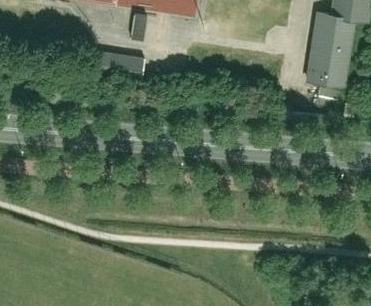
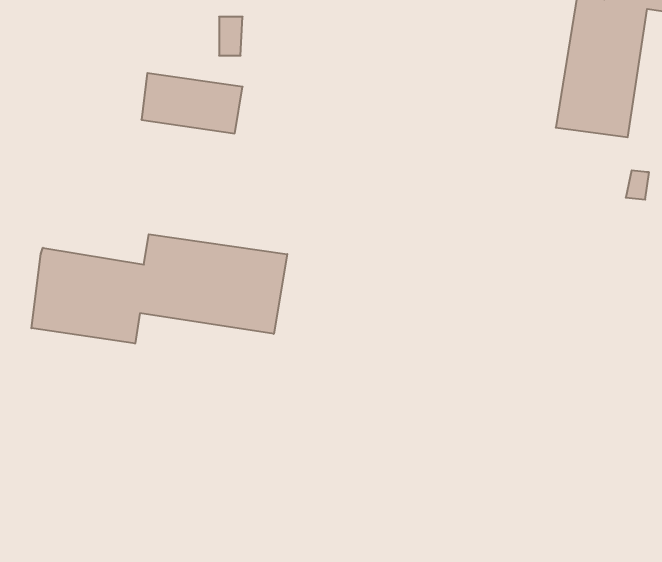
building: none -> [31,234,287,344]

